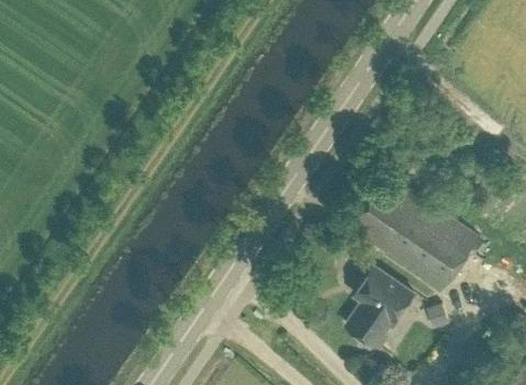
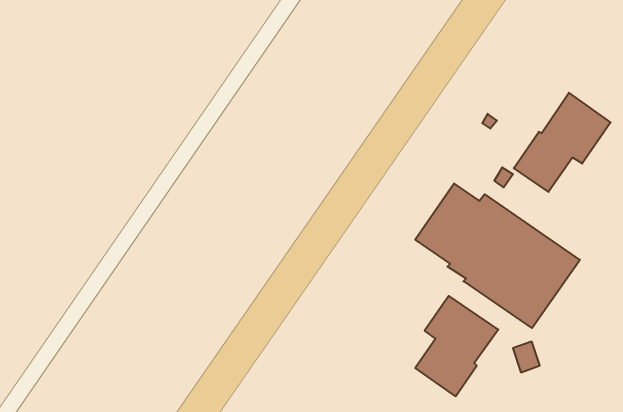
building: none -> [514,93,611,192]

